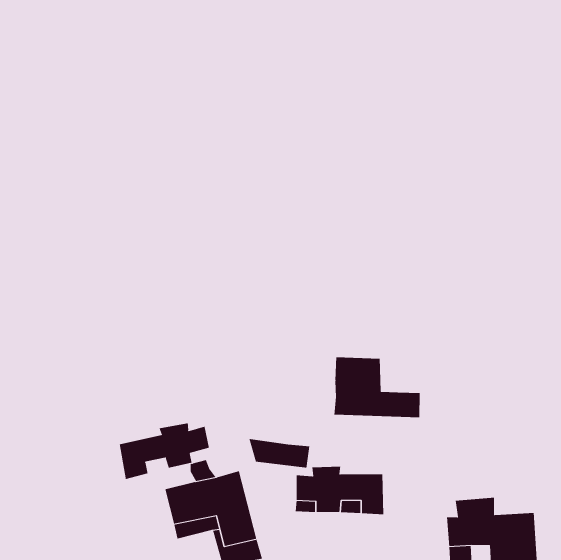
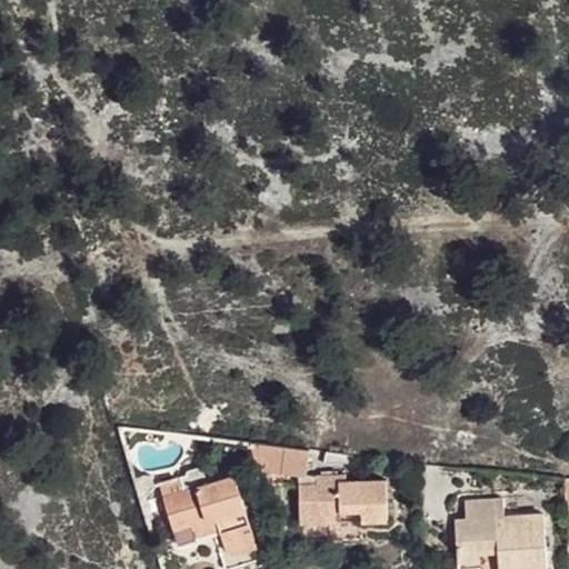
building: [334,357,420,418] -> none
building: [119,422,210,480] -> none

